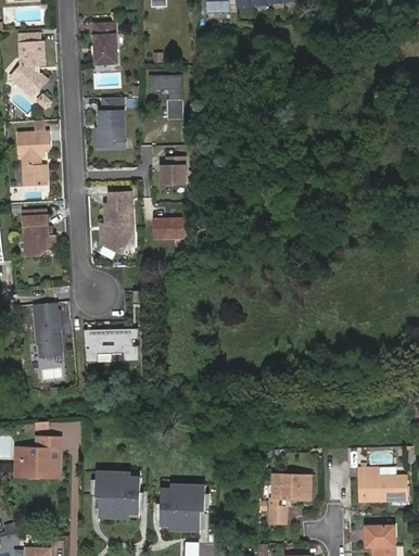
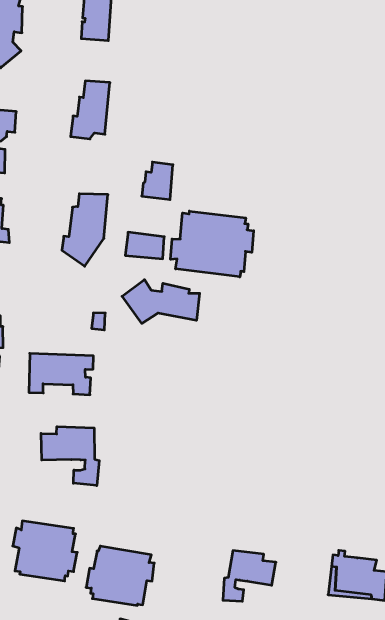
building: [150,83,182,118] -> none
building: none -> [171,211,254,277]
building: none -> [122,280,200,323]
building: none -> [41,427,99,486]

